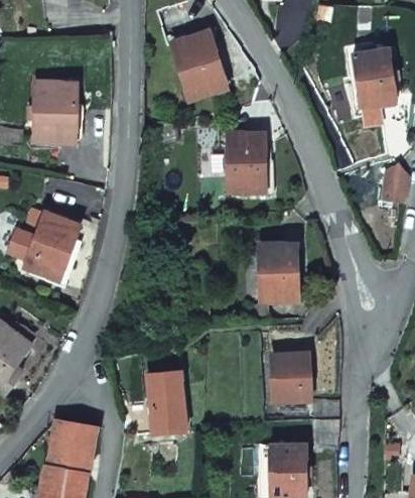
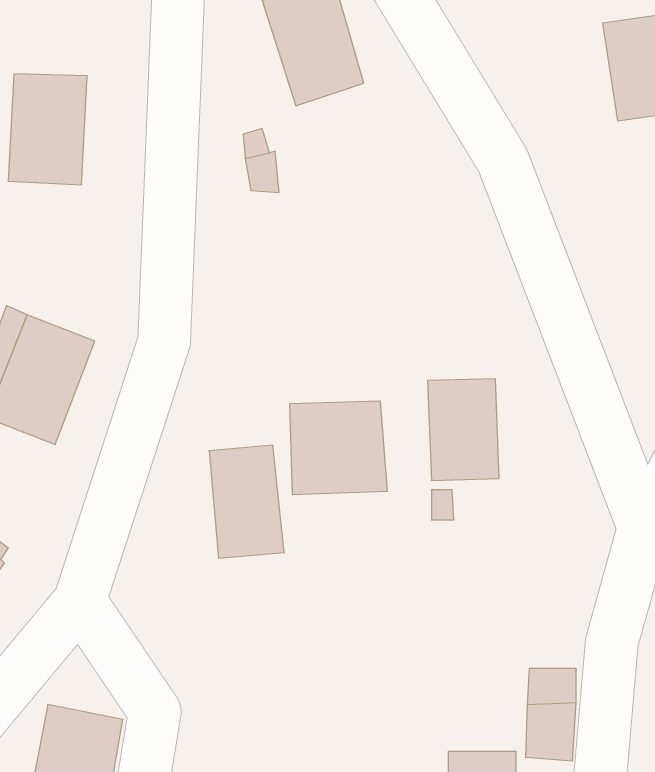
building: [226,132,266,193] -> none
building: none -> [290,401,387,495]
building: [272,353,309,401] -> none
building: [146,372,186,432] -> [209,445,284,558]

